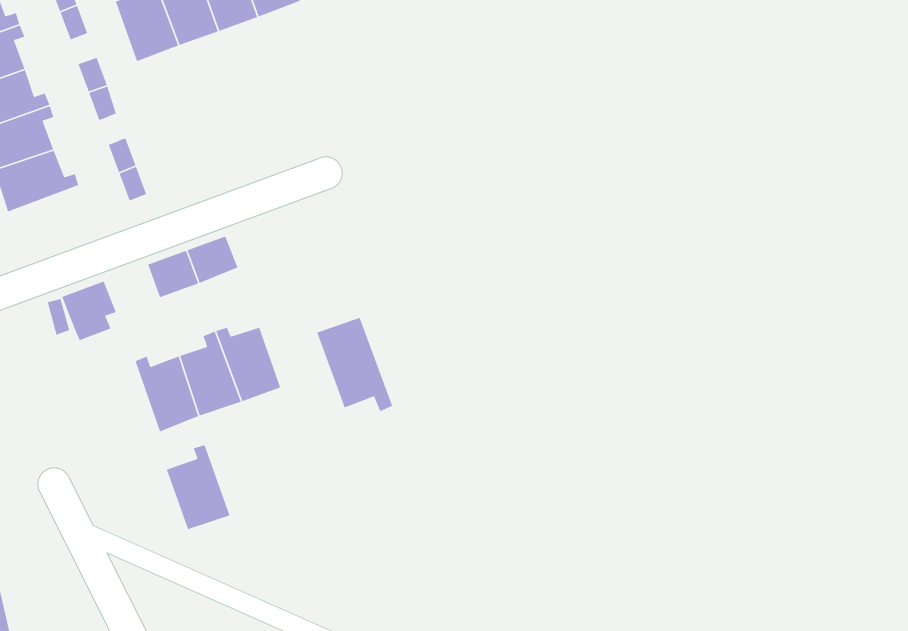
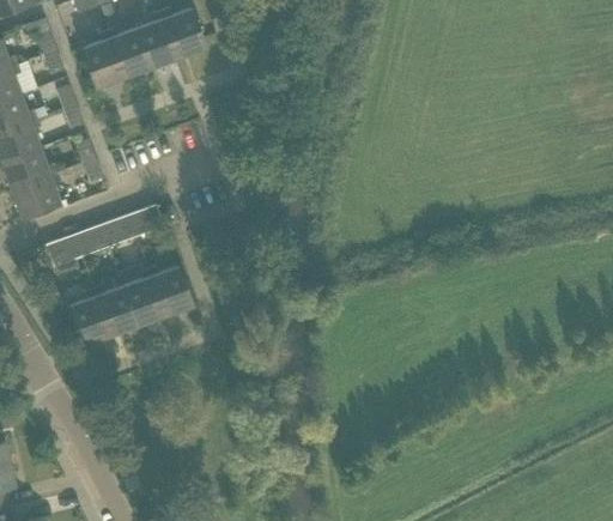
building: none -> [8,171,60,218]
building: none -> [73,224,110,256]
building: [316,317,393,412] -> none
building: [166,444,230,530] -> [67,289,110,346]

